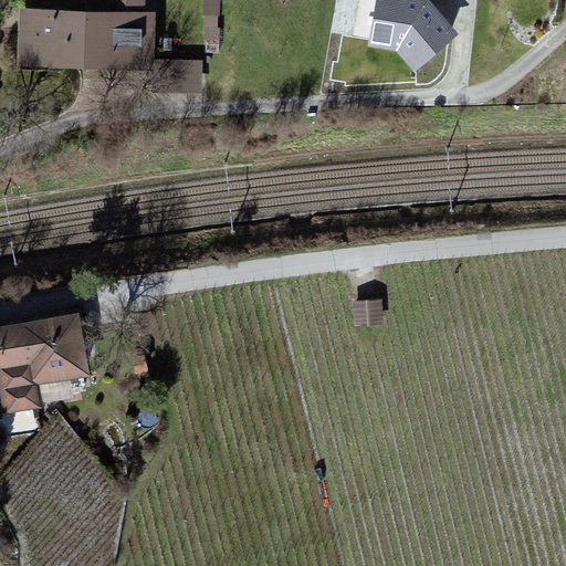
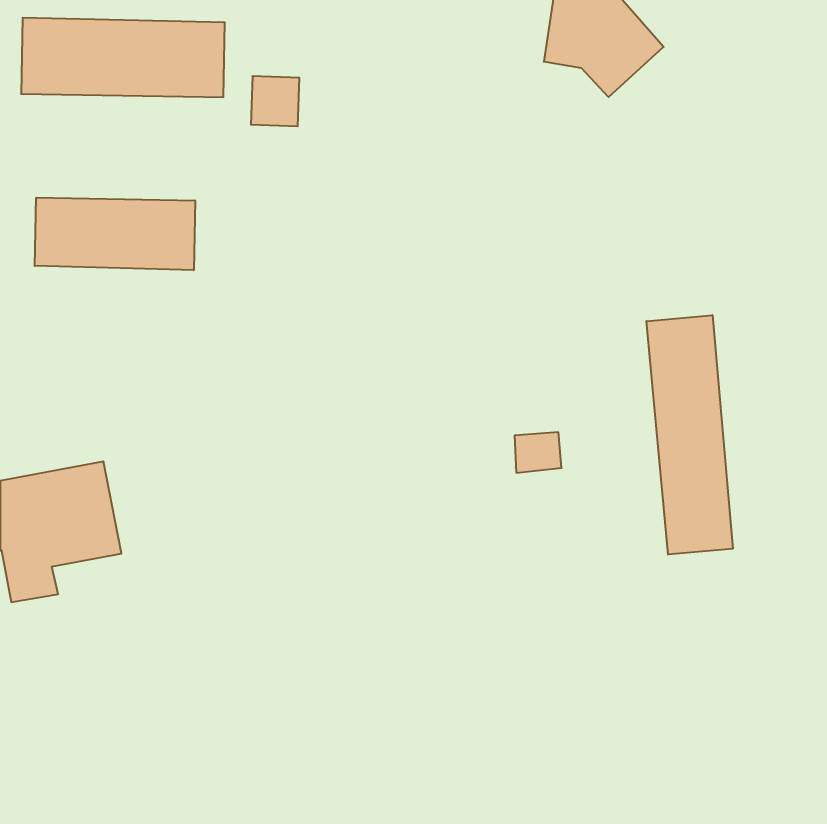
building: none -> [35,198,195,270]
building: none -> [646,315,733,555]

